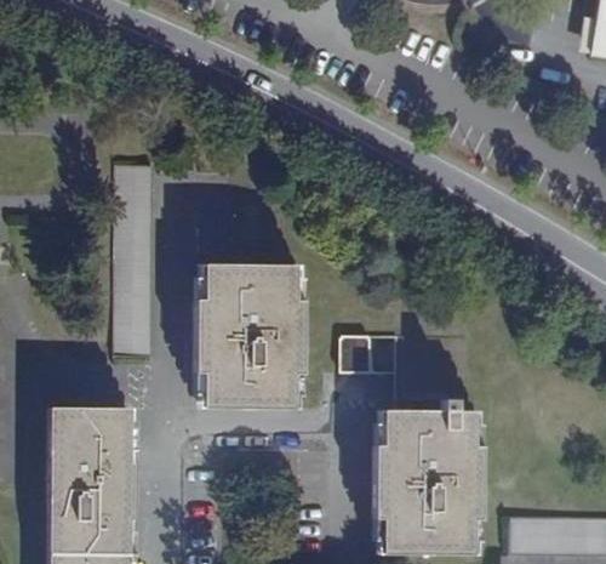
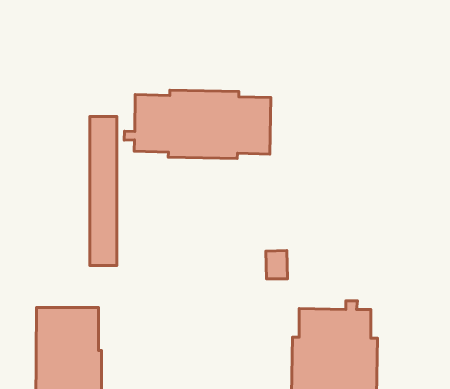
building: none -> [124,90,271,158]
building: [194,264,304,410] -> none

